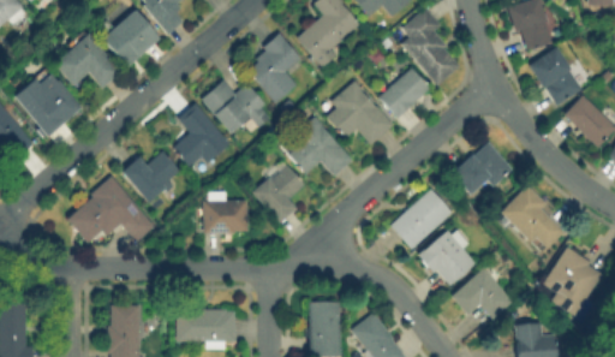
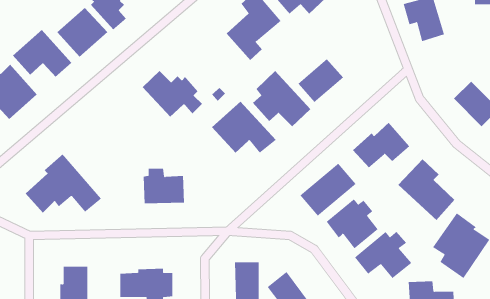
building: [402,8,461,87] -> none
building: [250,34,301,106] -> none
building: [520,46,578,103] -> none
building: [174,105,232,168] -> none
building: [123,153,180,206] -> none
building: [255,161,308,226] -> none

